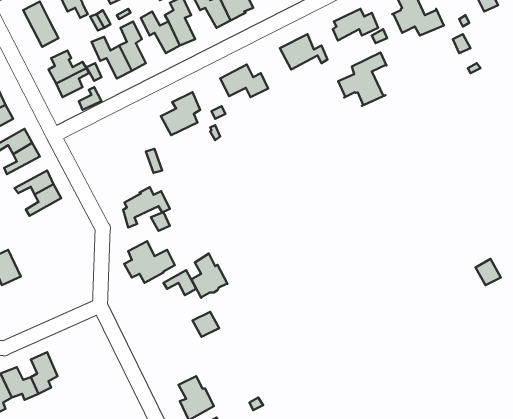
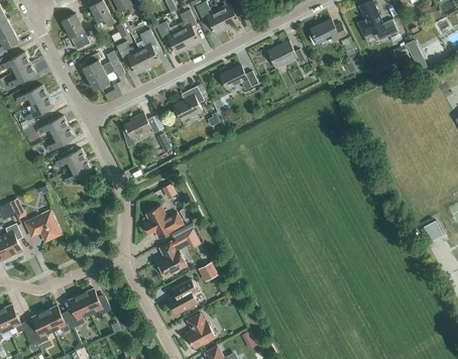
building: [338,52,387,106] -> none
building: [123,187,170,228] -> [122,113,159,145]
building: [191,254,228,298] -> [156,241,186,276]
building: none -> [167,279,197,314]
building: none -> [81,288,111,315]

